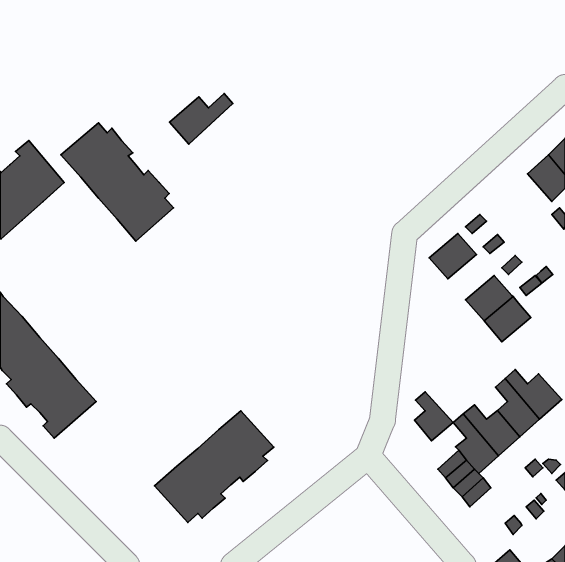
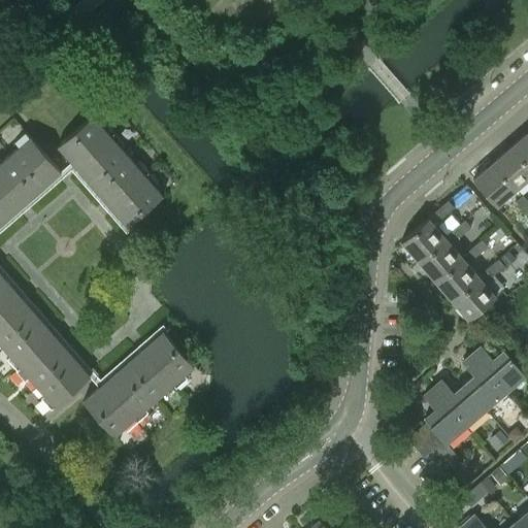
building: [169,94,233,144] -> none
building: none -> [472,165,515,207]
building: none -> [418,240,461,283]
building: [414,392,453,441] -> none
building: [155,411,274,522] -> [82,333,194,437]

